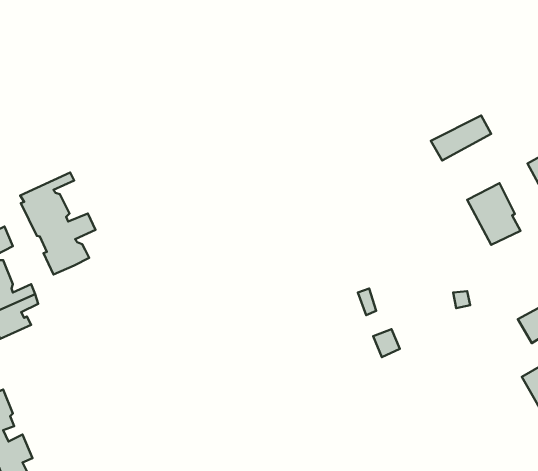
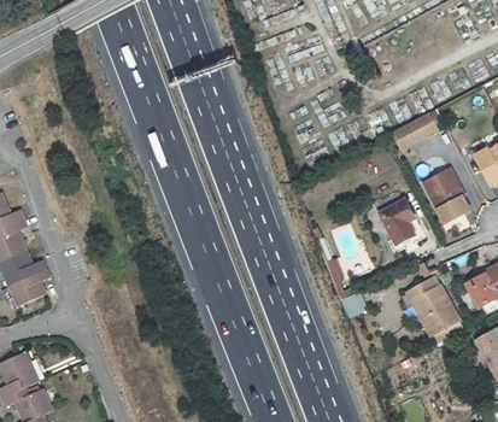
building: [20,172,96,275] -> none
building: none -> [380,200,412,242]
building: none -> [408,283,461,344]

